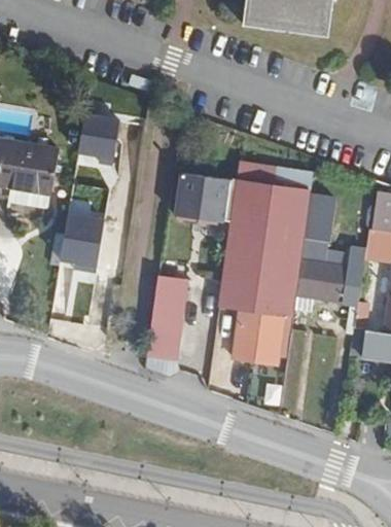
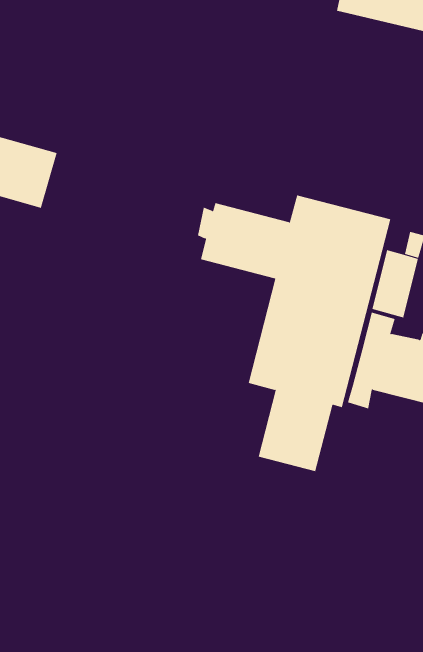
building: [76,114,117,164] -> none
building: [63,212,108,267] -> none
building: [146,274,187,377] -> none

